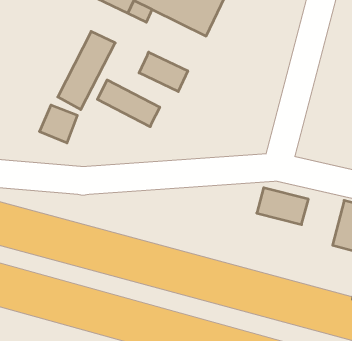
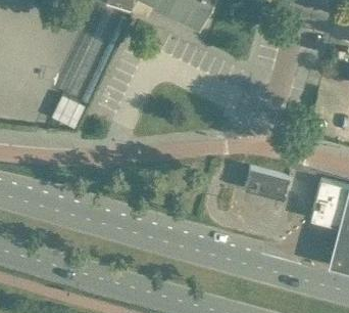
building: [139,52,188,92] -> none
building: [97,80,160,127] -> none

